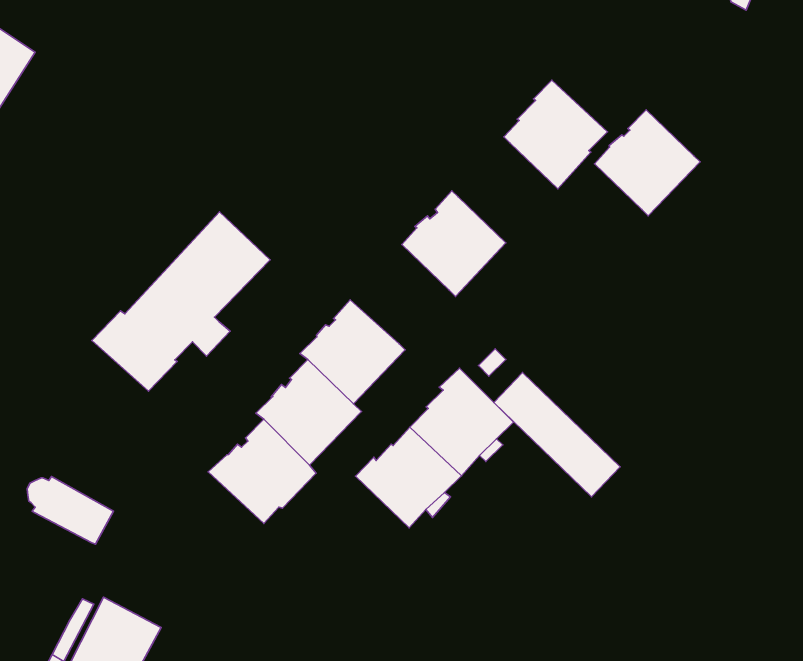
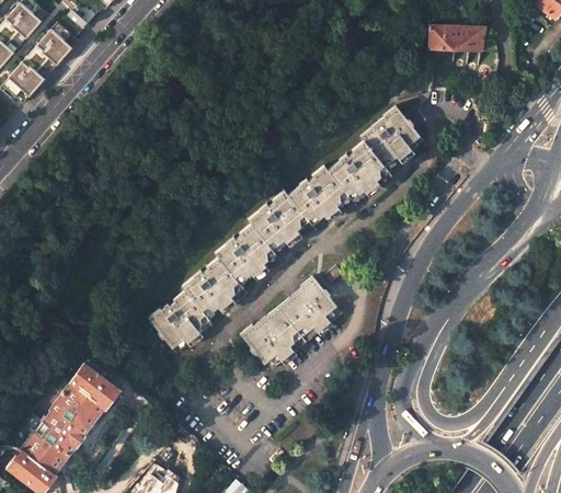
building: [594,110,700,216] -> [328,139,393,205]
building: [92,212,270,391] -> none
building: none -> [248,187,313,253]
building: [494,372,620,497] -> none
building: [27,476,113,544] -> [68,362,119,408]

